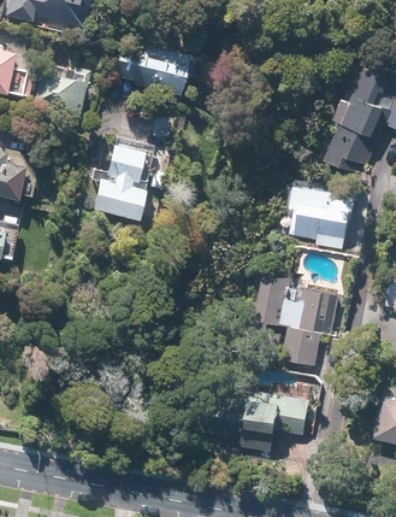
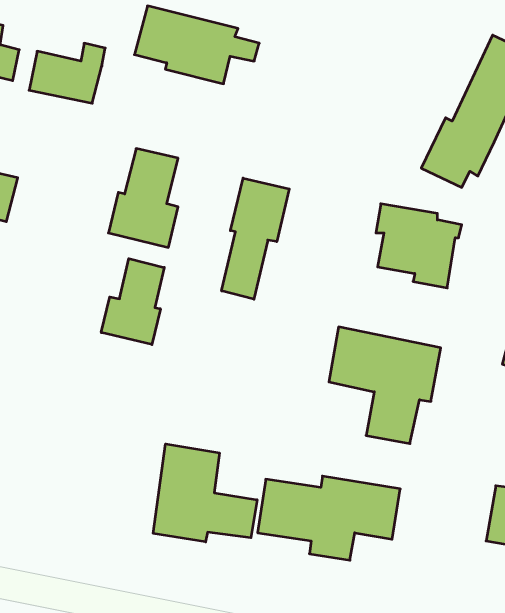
building: none -> [222,178,289,299]
building: none -> [101,259,164,345]
building: none -> [153,444,257,542]

